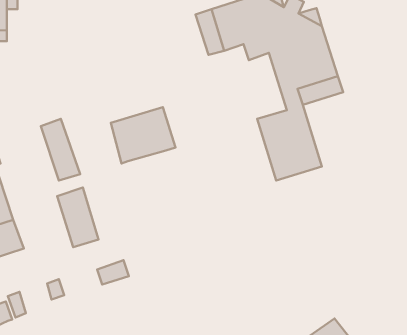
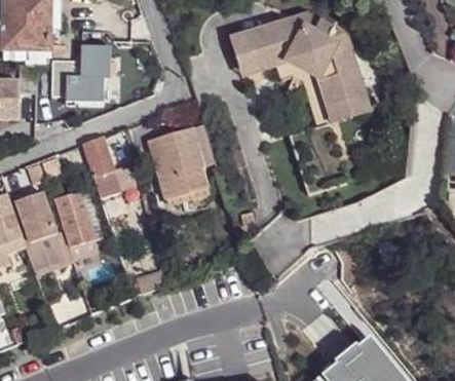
building: none -> [52,45,105,103]
building: none -> [166,166,213,204]
building: [57,188,99,247] -> [54,189,94,246]

